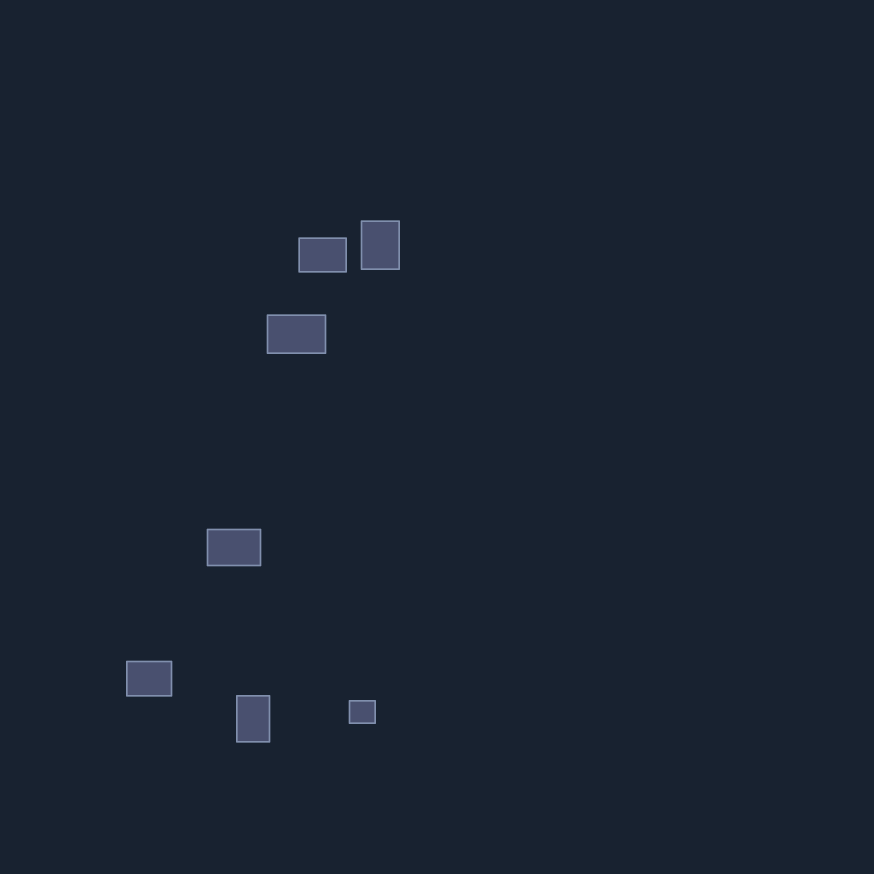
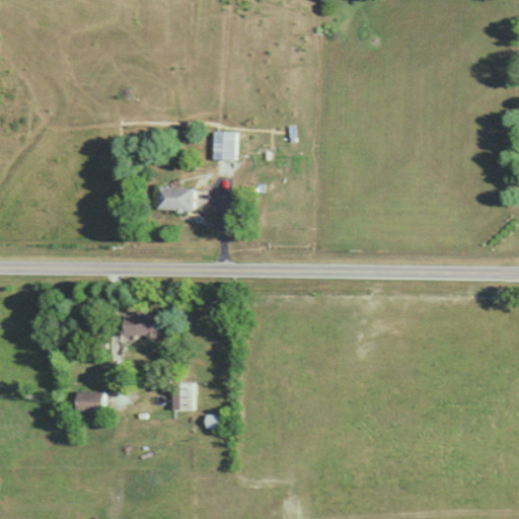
building: [299,238,346,272] -> none
building: [237,696,269,742] -> [173,383,193,411]

